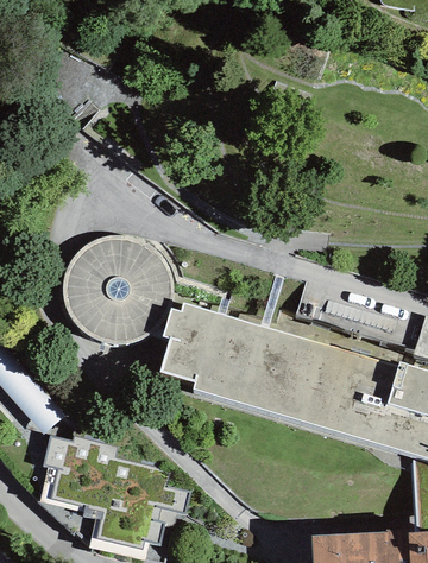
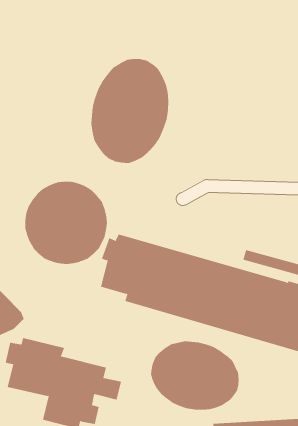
building: none -> [91,58,169,164]
building: none -> [151,341,239,411]

